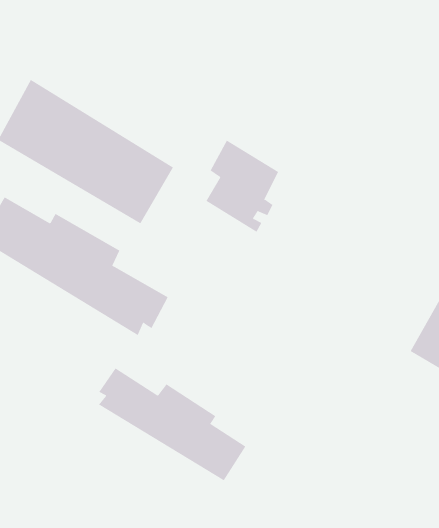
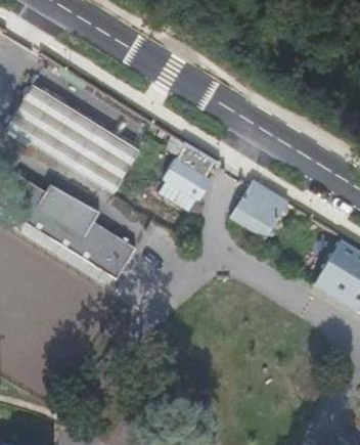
building: none -> [225,176,287,242]
building: [98,367,246,481] -> none

